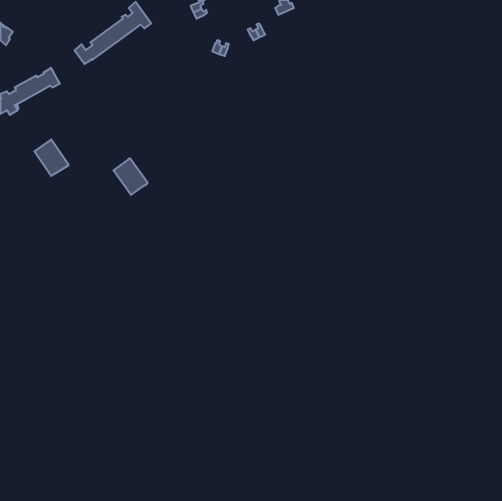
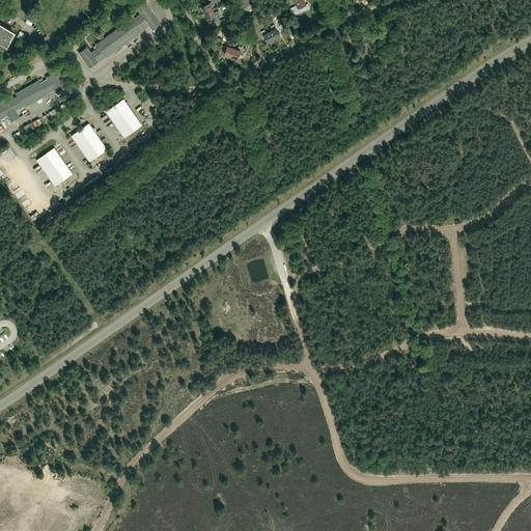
building: none -> [106,100,141,138]
building: [113,158,148,195] -> [71,124,107,163]

